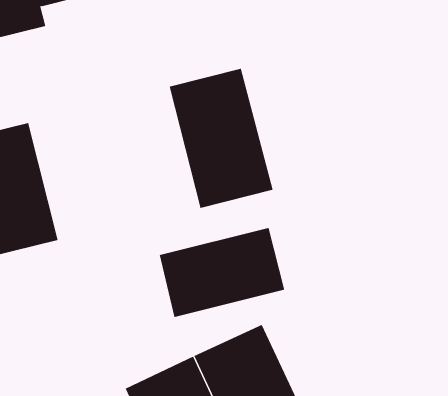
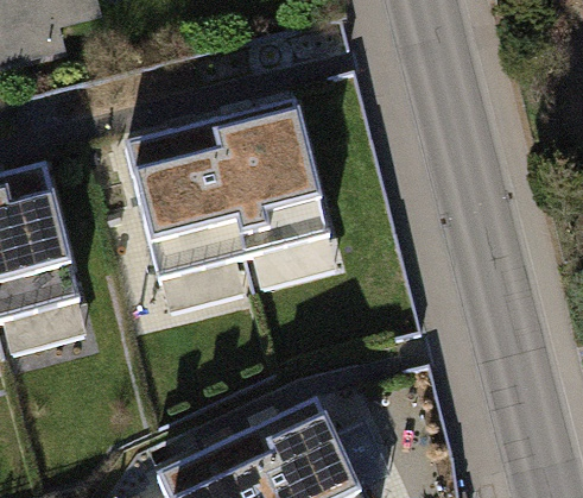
building: none -> [125,122,246,286]
building: [159,227,285,318] -> none

